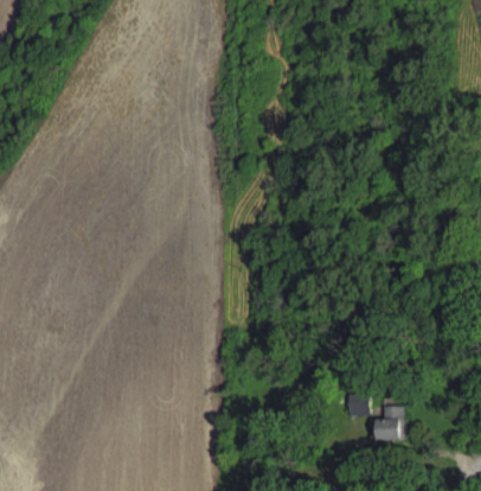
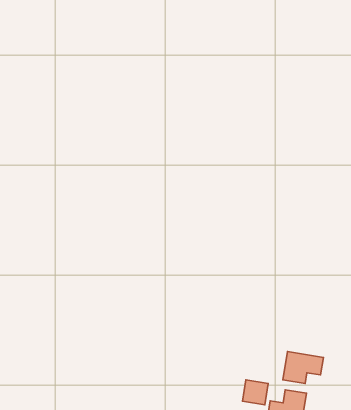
building: none -> [283,352,323,383]

